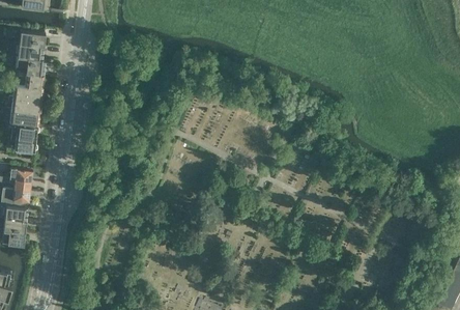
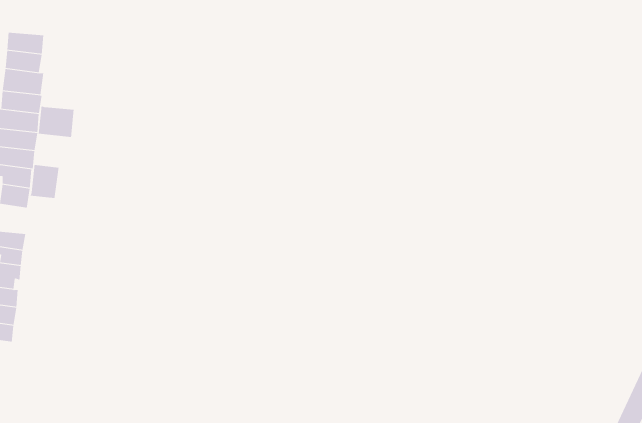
building: none -> [38,105,74,138]
building: none -> [30,164,59,199]

